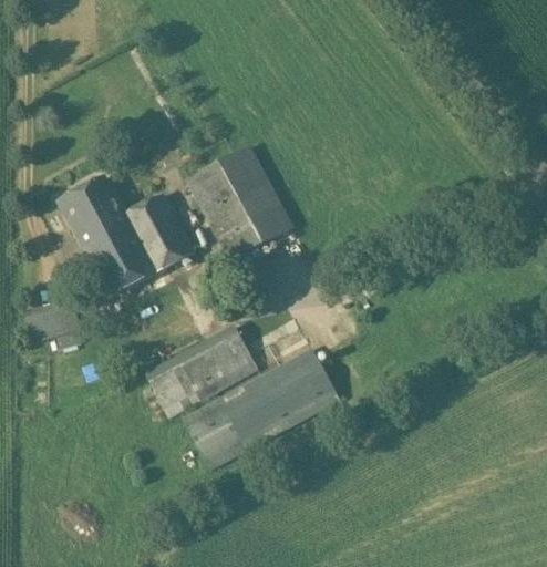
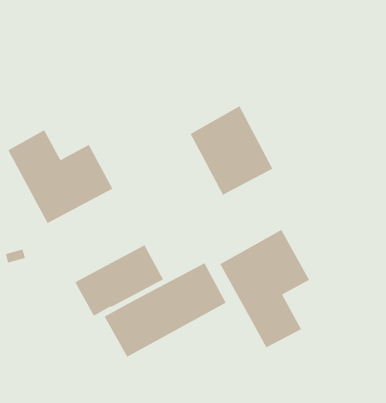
building: [185,144,292,260] -> [190,106,273,196]
building: none -> [220,229,310,348]

